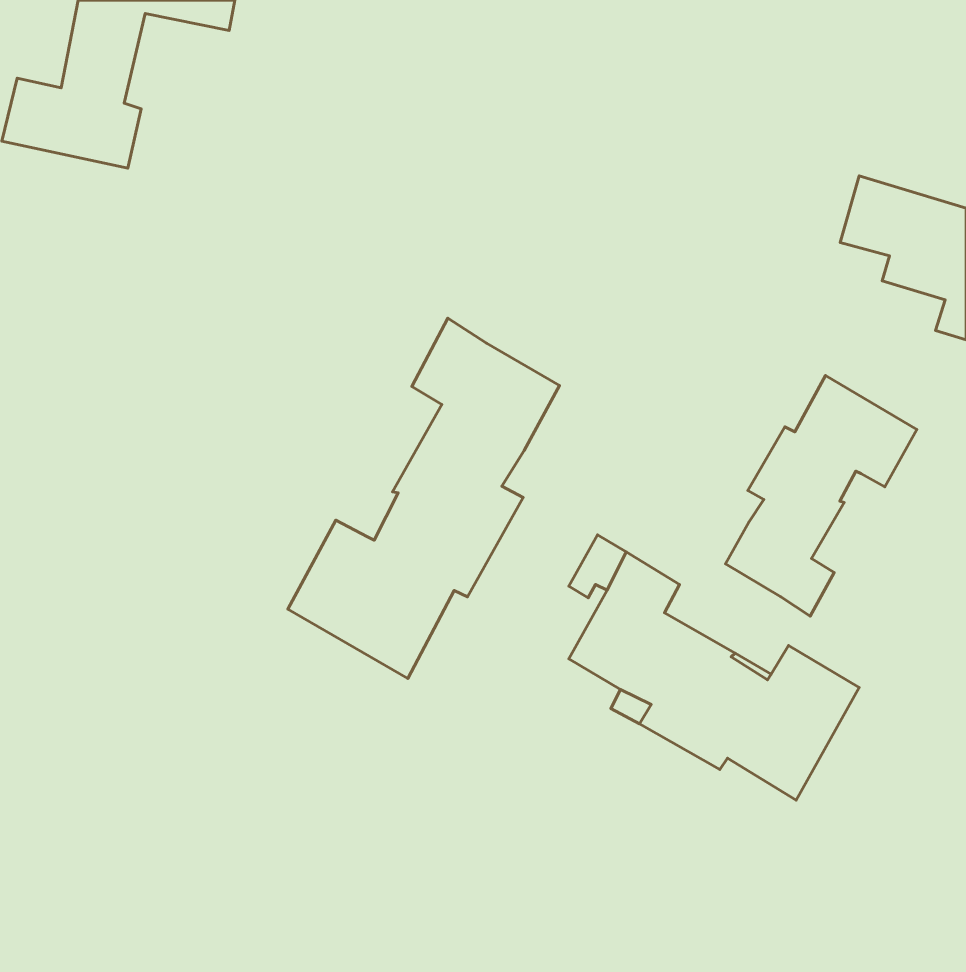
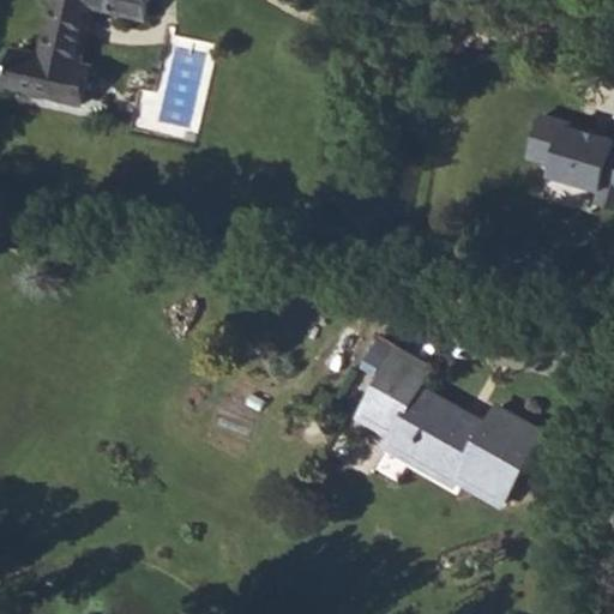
building: [288,318,559,678] -> none
building: [726,376,917,616] -> none

